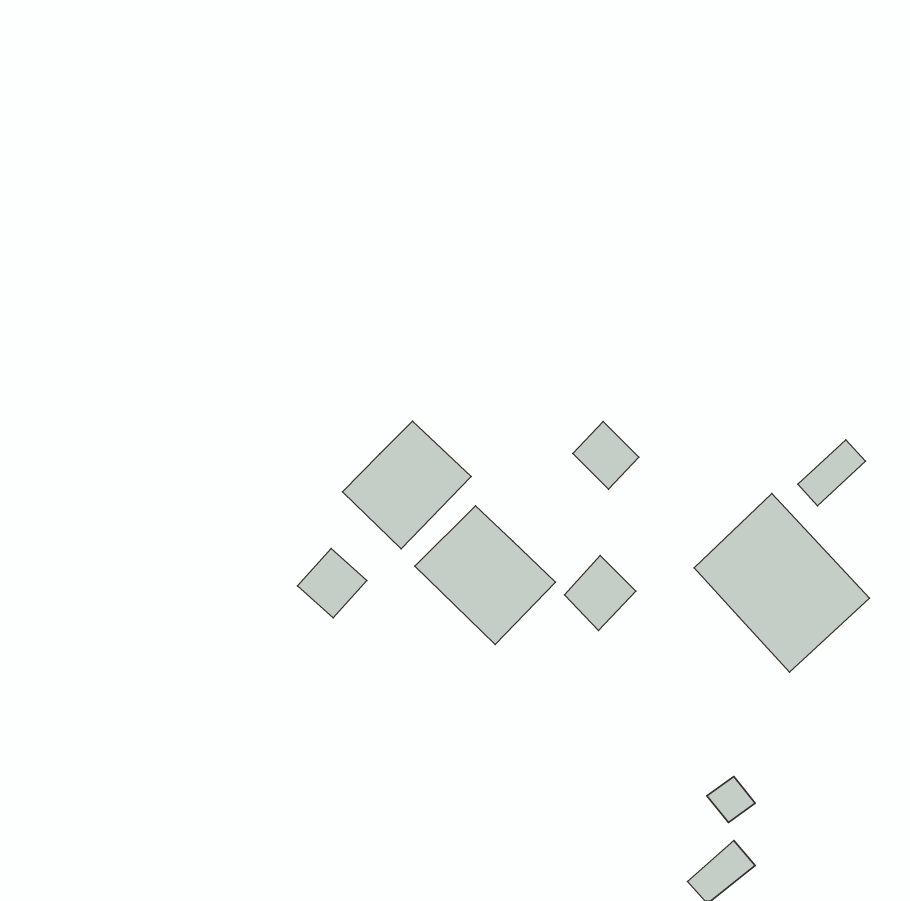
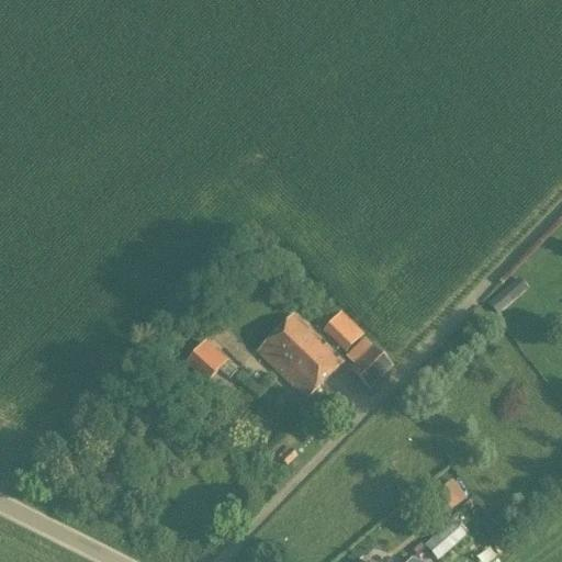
building: [343,421,471,549] -> none
building: [573,422,639,489] -> [322,308,362,350]
building: [694,494,869,672] -> none

